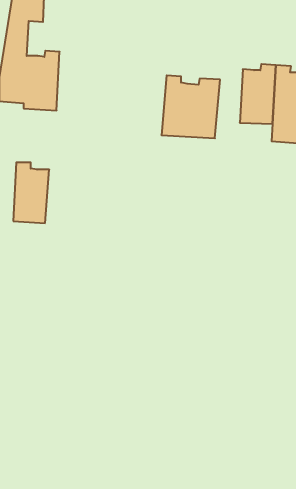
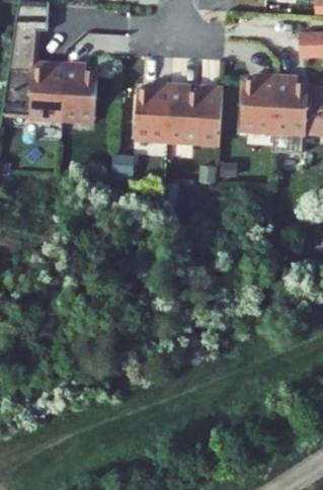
building: none -> [133,81,170,141]
building: [13,162,49,223] -> [62,59,97,118]

